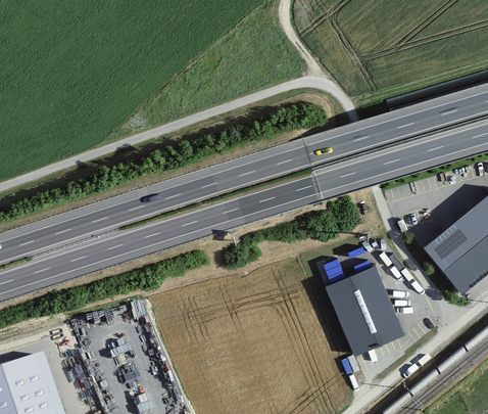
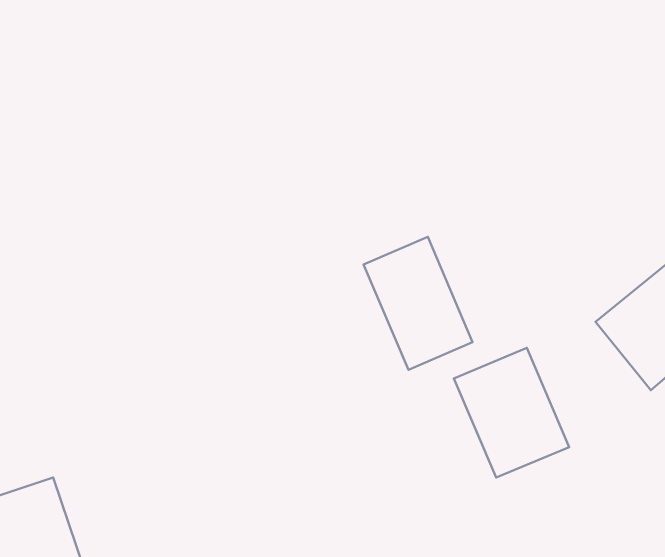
building: none -> [364,237,473,370]

